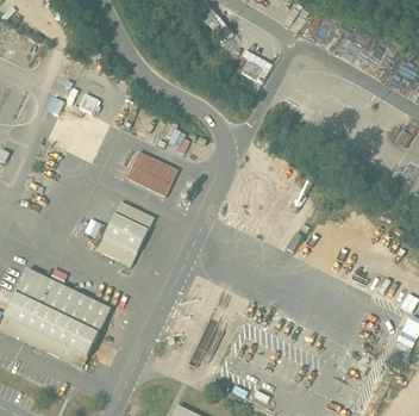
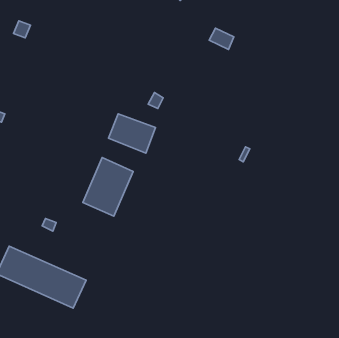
building: [14,271,112,335] -> none

